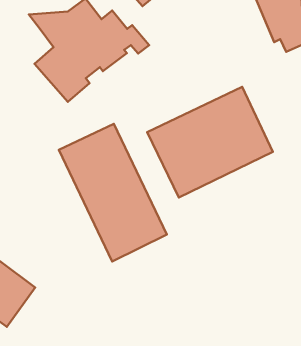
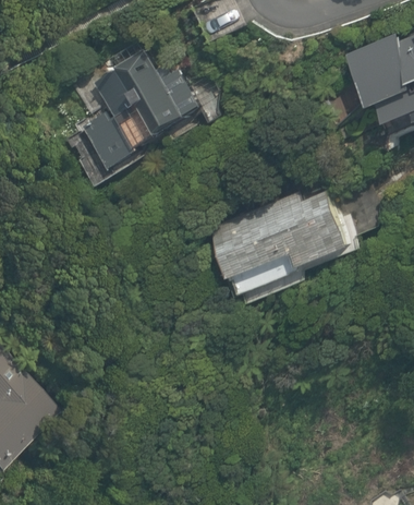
building: [59,124,167,261] -> none

